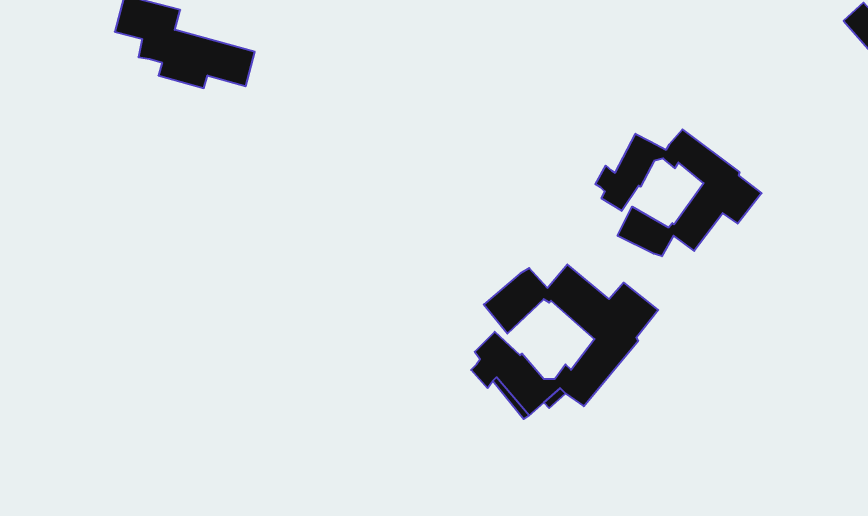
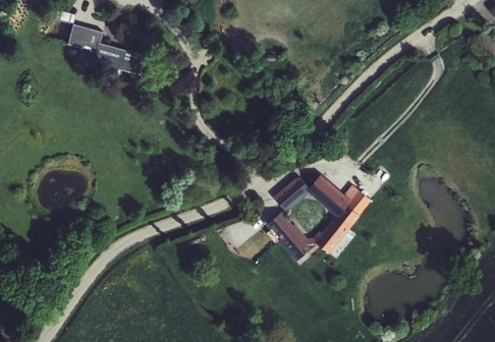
building: [595,129,762,256] -> none

